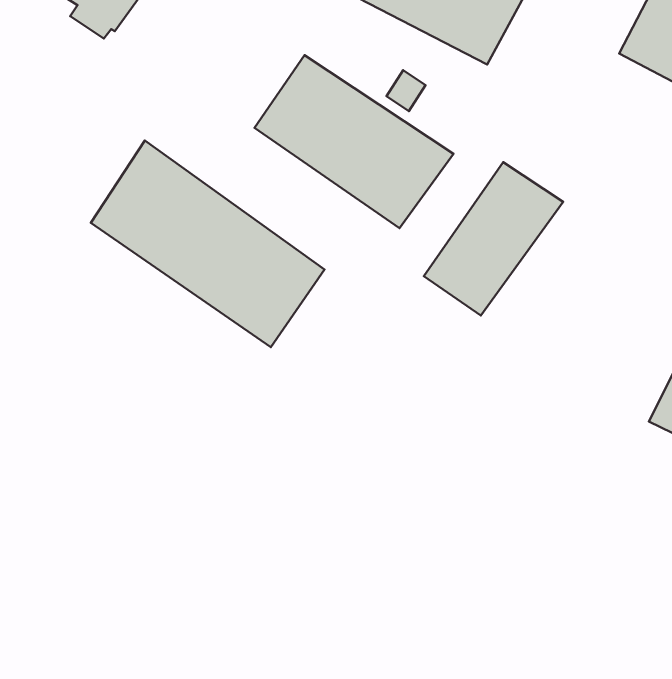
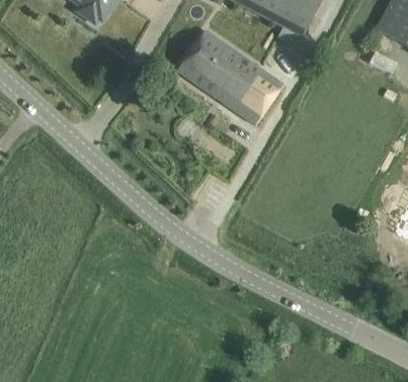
building: [91,140,324,347] -> none
building: [424,162,563,316] -> none

